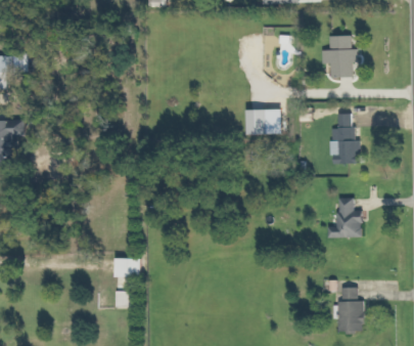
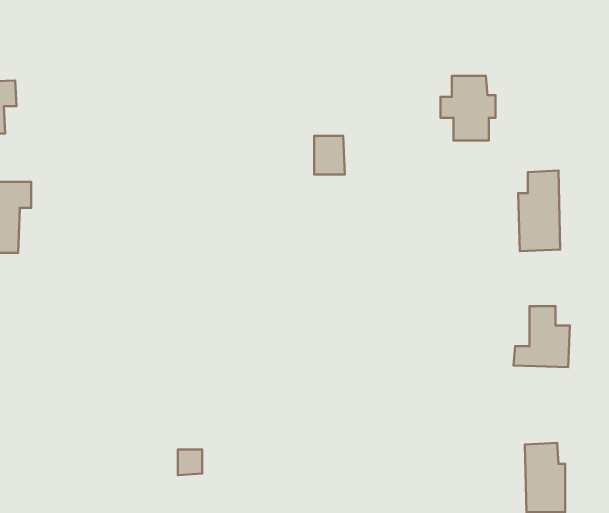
building: [322,36,357,77] -> [441,76,495,140]
building: [248,110,268,134] -> [314,136,345,174]
building: [117,257,142,276] -> none

